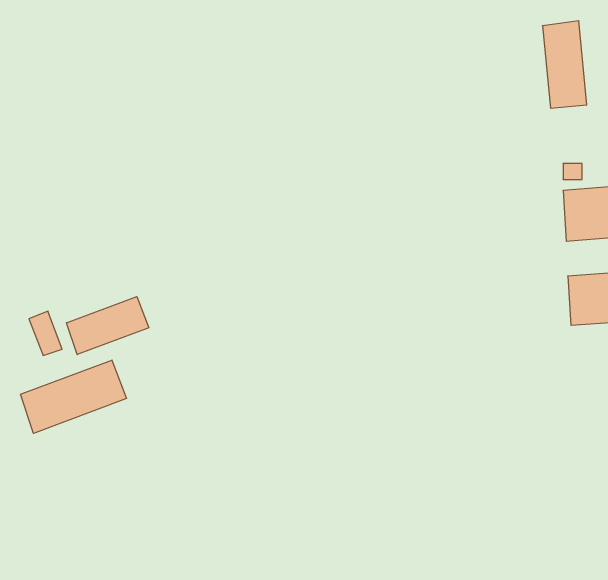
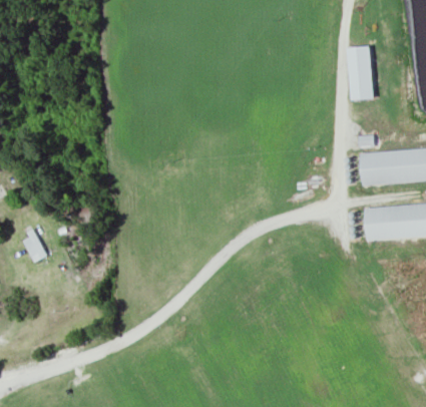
building: [66,297,149,355] -> none
building: [20,360,127,433] -> none

